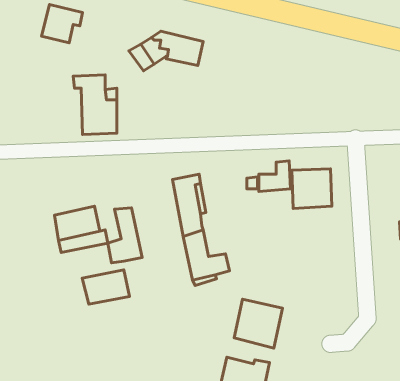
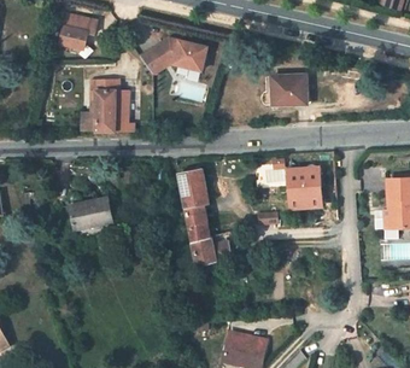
building: none -> [270,75,306,104]
building: [108,208,142,263] -> none
building: [82,270,130,304] -> none
building: [234,299,283,348] -> none

